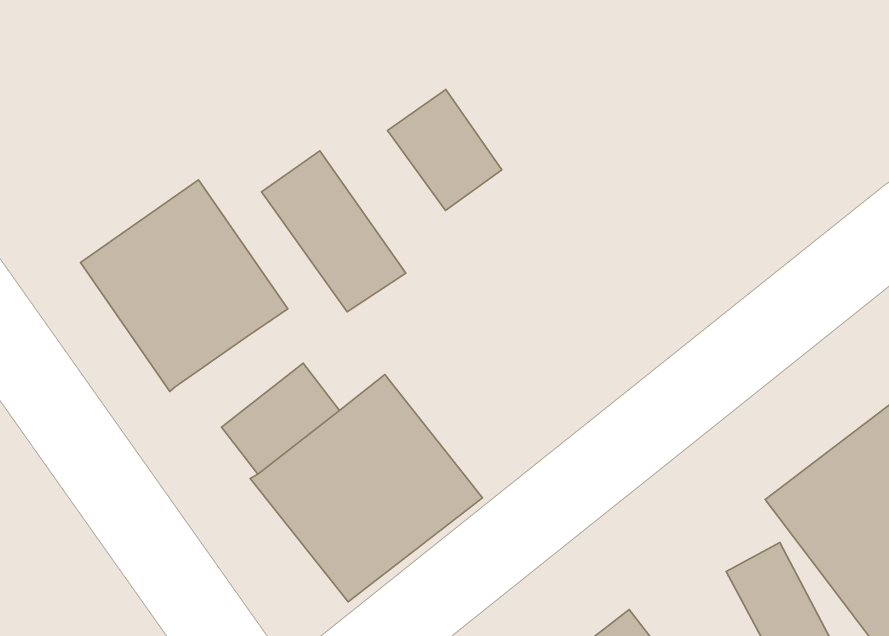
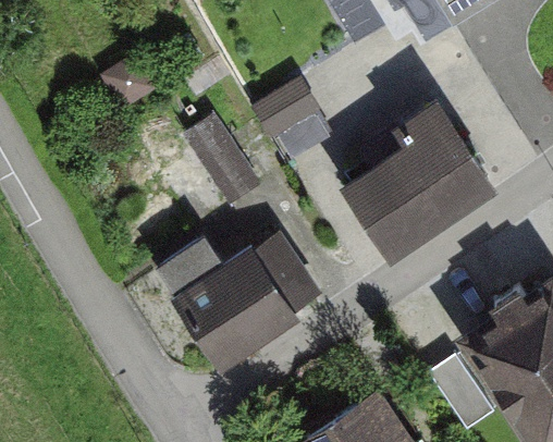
building: none -> [343,103,491,251]
building: [81,180,288,392] -> none

